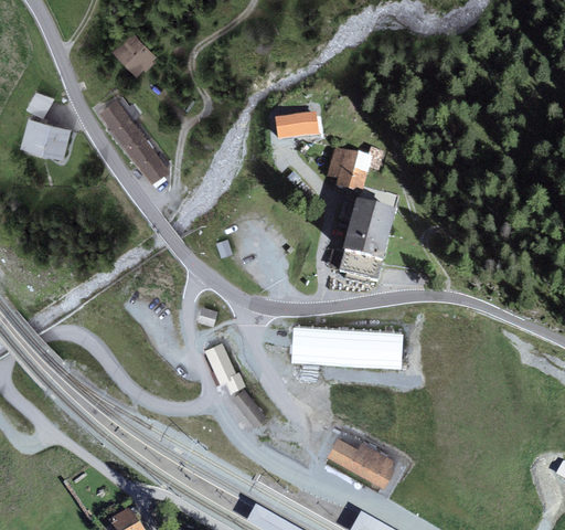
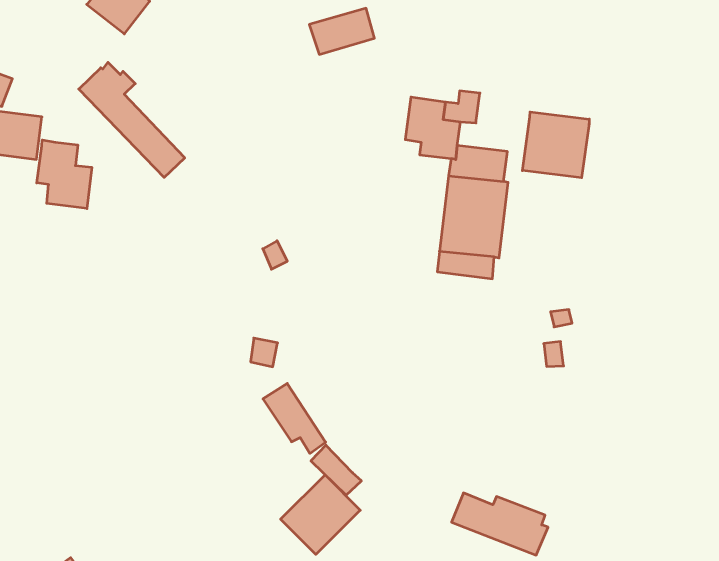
building: [274,114,319,142] -> [309,8,374,54]
building: none -> [37,140,92,209]
building: none -> [522,112,589,178]
building: [290,327,403,369] -> none
building: none -> [281,475,360,554]

